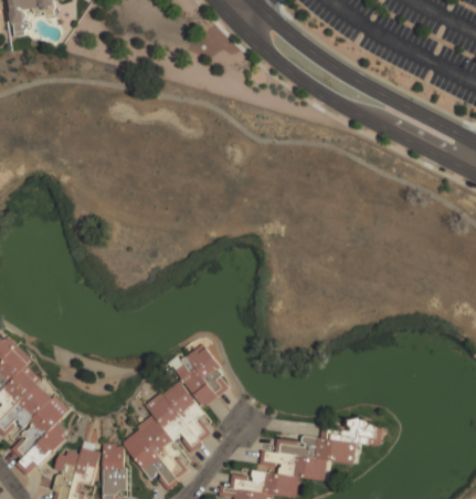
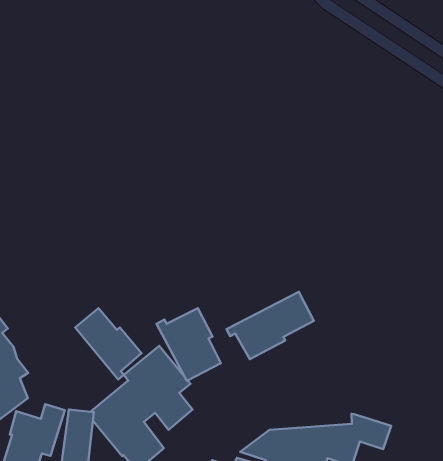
building: none -> [226,292,314,359]
building: none -> [75,308,141,380]

